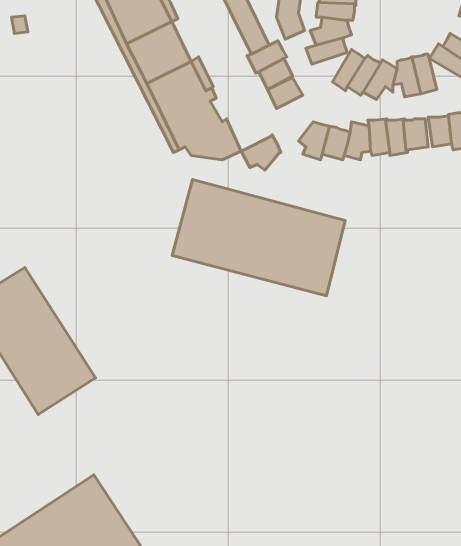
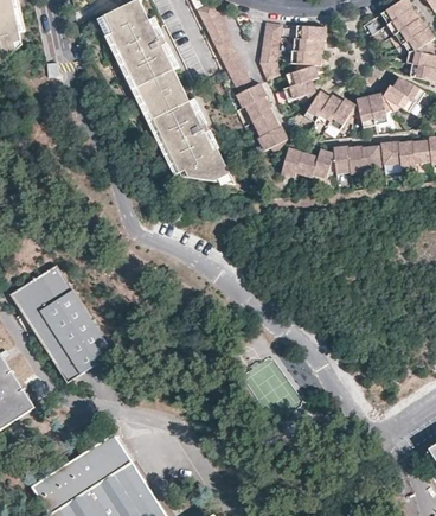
building: [241,135,281,170] -> [256,125,288,153]
building: [172,180,345,296] -> none

